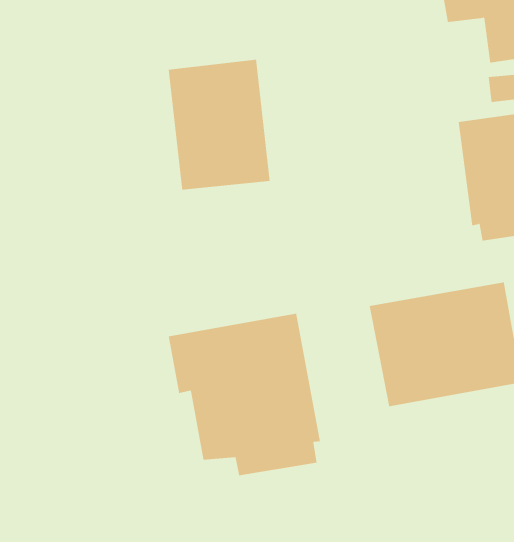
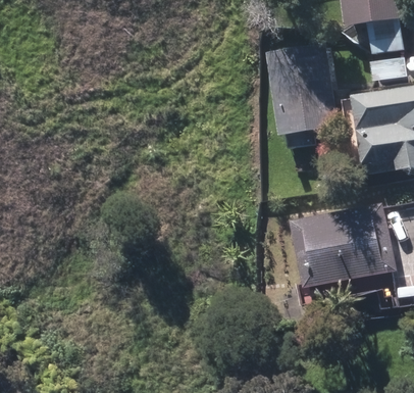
building: [168,59,270,190] -> [269,47,339,136]
building: [168,313,321,476] -> none

